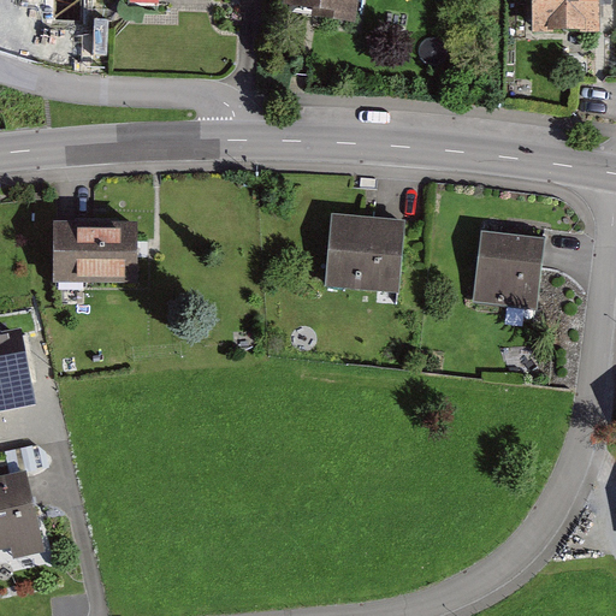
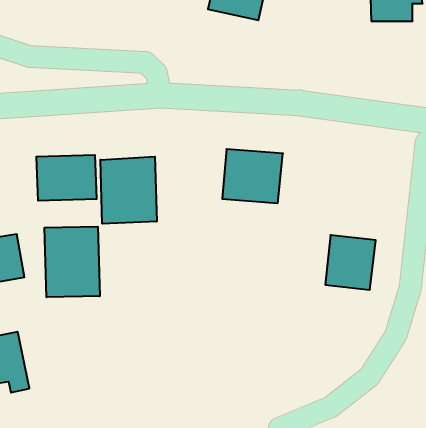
building: none -> [100,157,157,224]
building: [473,230,545,308] -> [325,235,376,290]
building: none -> [45,227,100,297]

